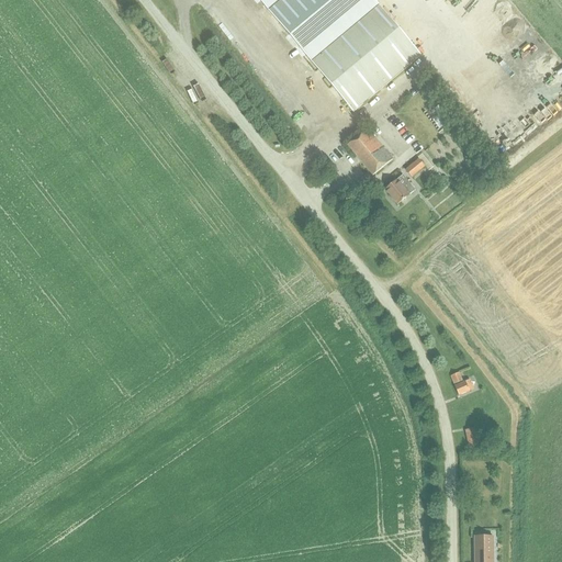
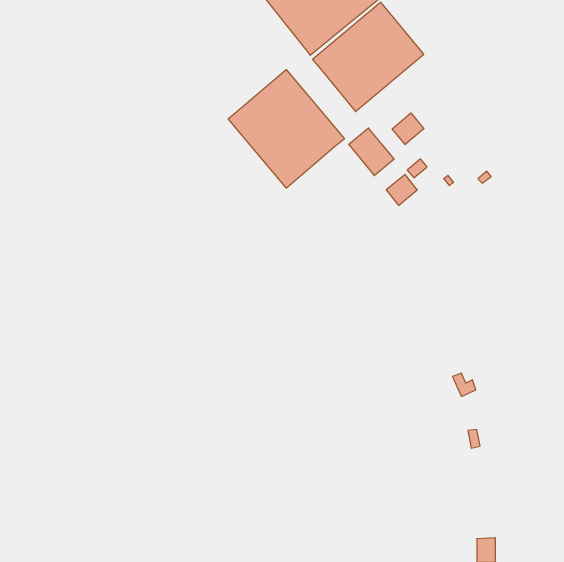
building: none -> [228,70,344,188]
building: none -> [392,113,424,145]

